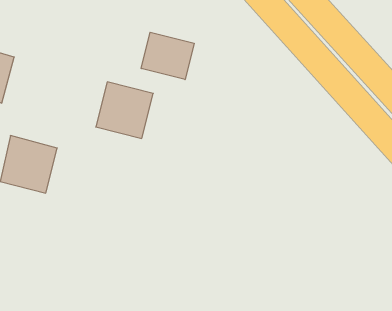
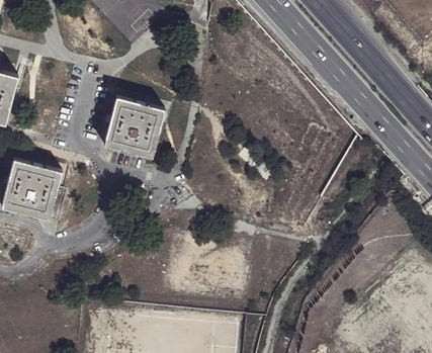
building: [141,32,194,80] -> none

